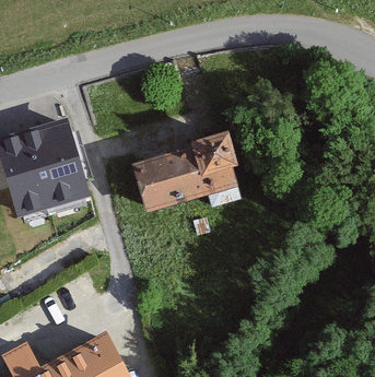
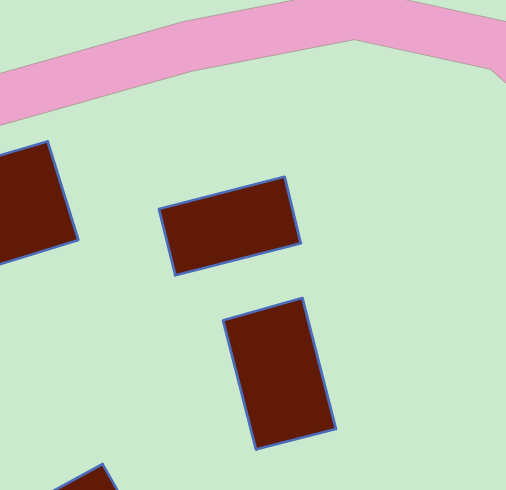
building: none -> [223,298,336,450]

